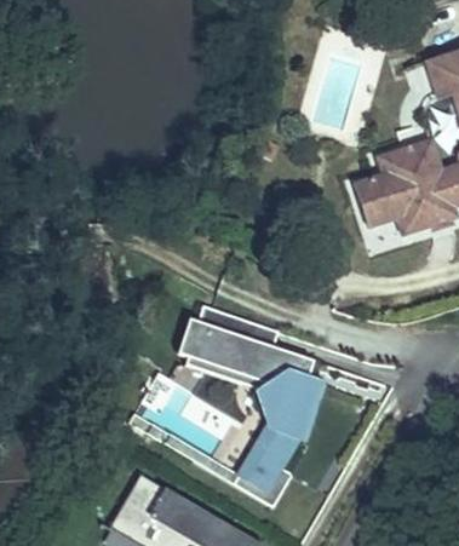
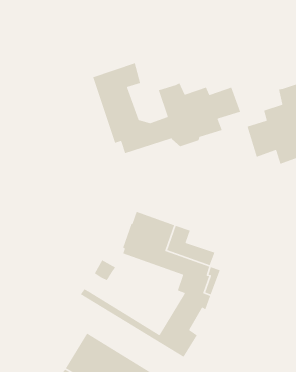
building: none -> [92,62,241,154]

